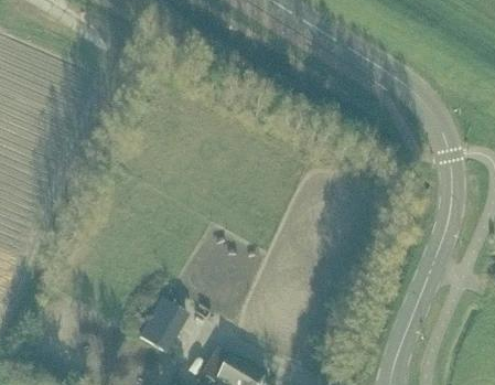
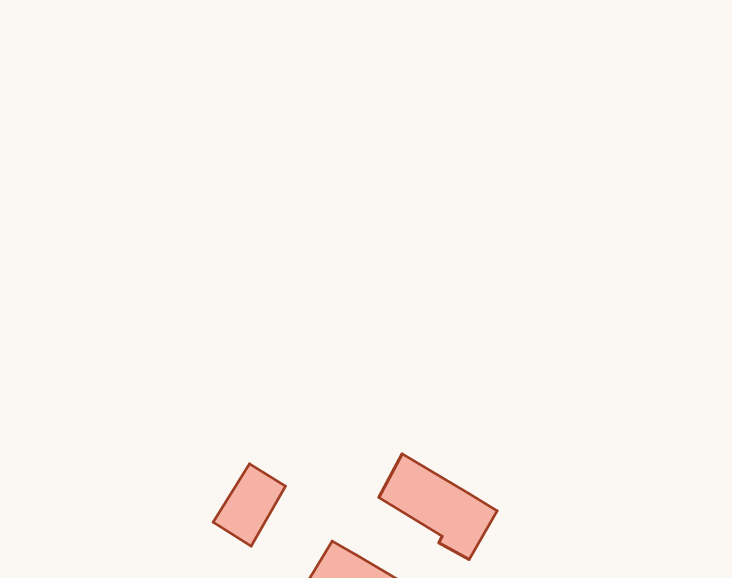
building: none -> [379,454,497,559]

